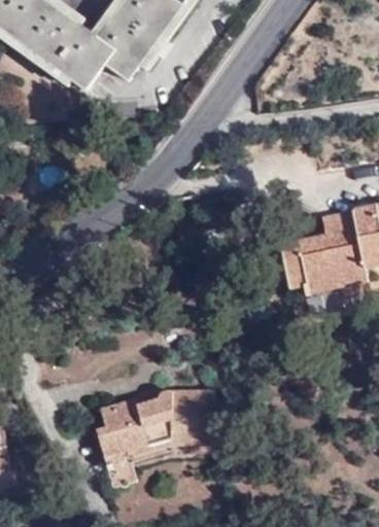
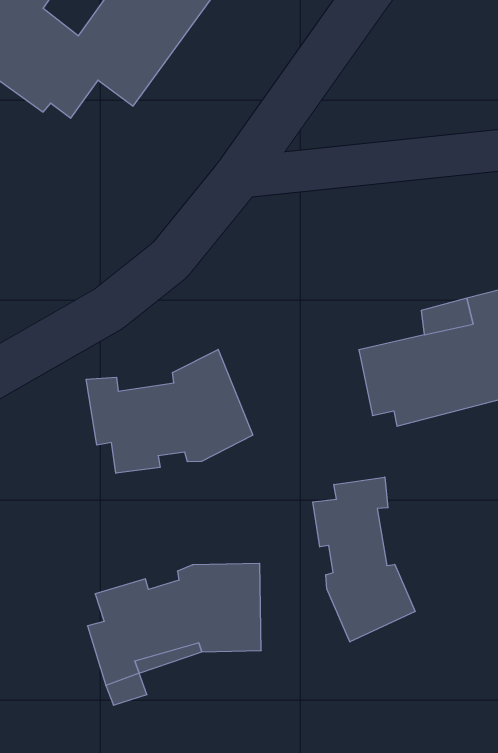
building: none -> [86,349,253,473]
building: none -> [313,477,415,642]

